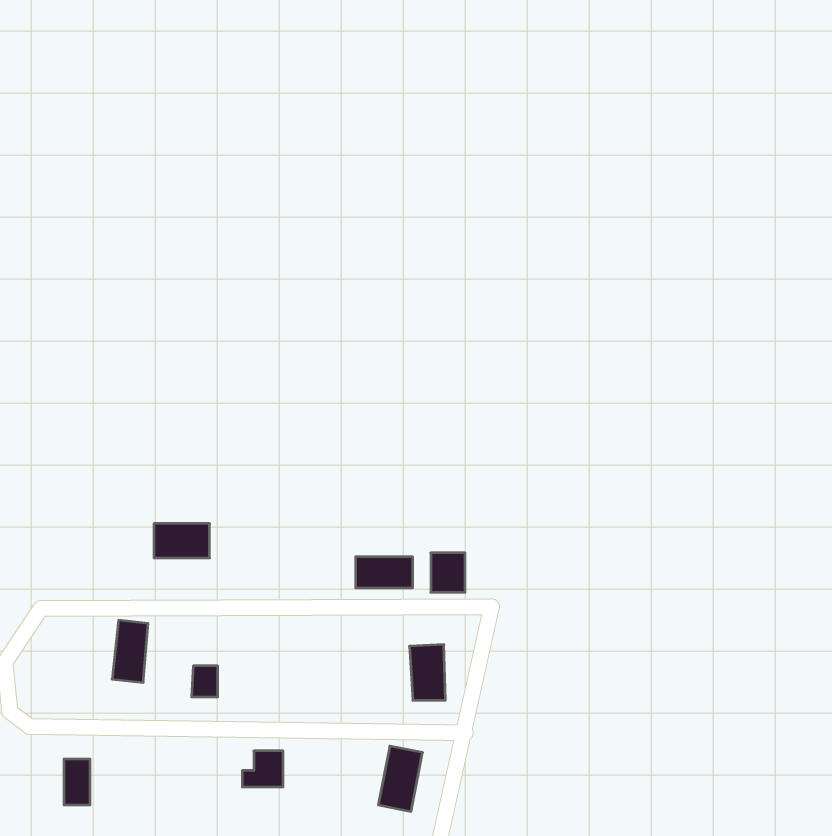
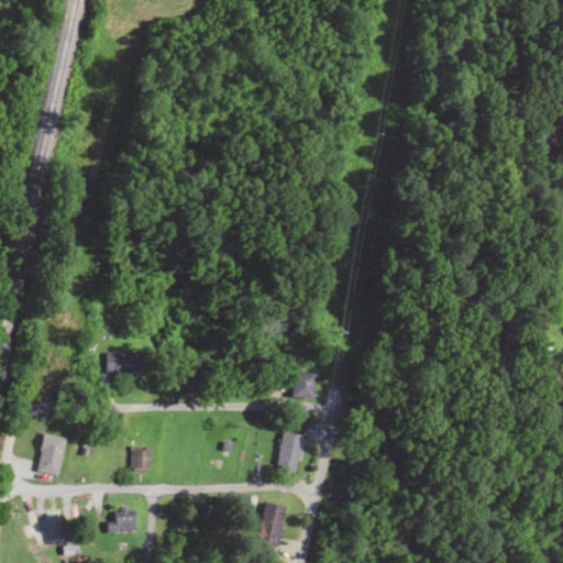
building: [356,557,412,588] -> none
building: [112,620,148,682] -> [40,432,64,474]
building: [242,751,283,787] -> [109,508,136,532]

